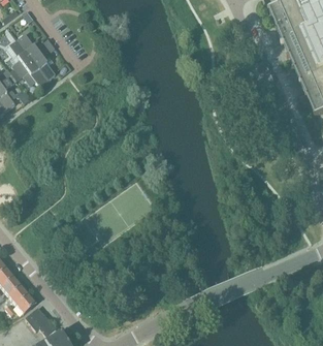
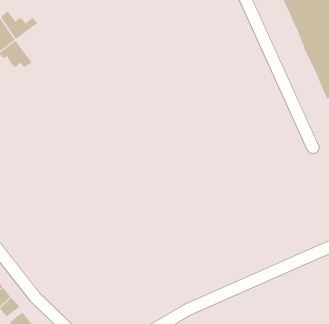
building: [31,42,55,78] -> none

